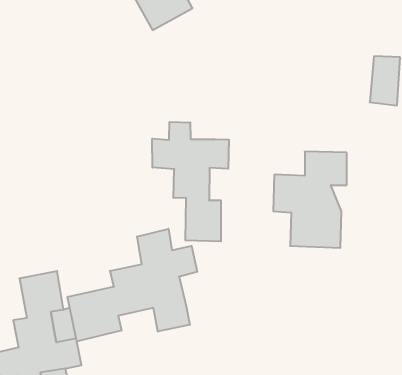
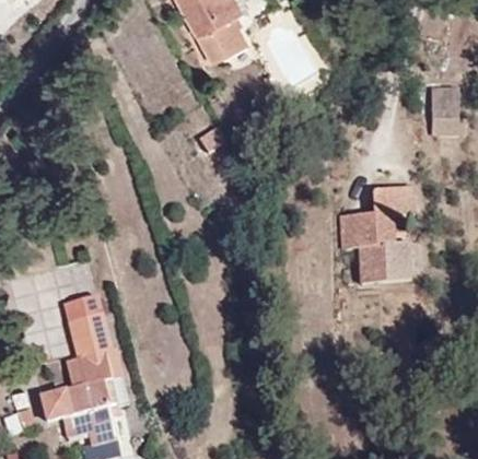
building: [152,122,229,241] -> none
building: [68,229,197,341] -> none

